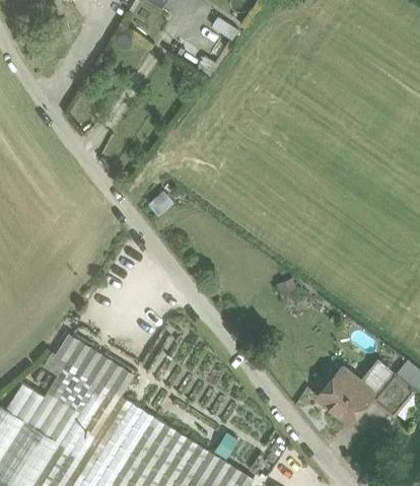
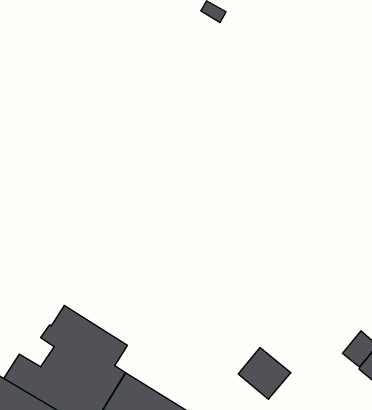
building: [318,369,372,423] -> [238,348,291,399]

